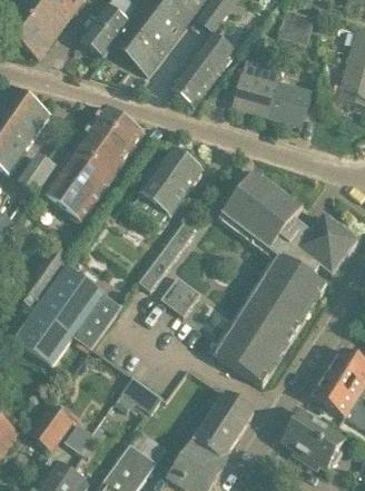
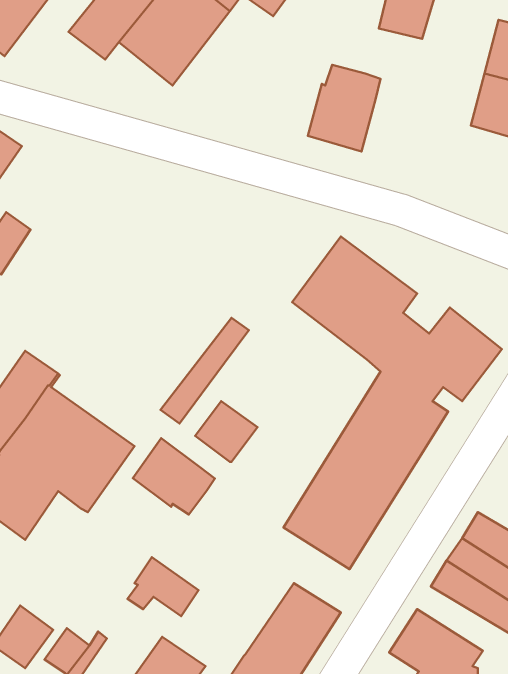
building: [169,33,234,106] -> none
building: [268,82,310,125] -> none
building: [43,105,144,219] -> none
building: [134,147,203,224] -> none
building: none -> [133,438,215,514]

